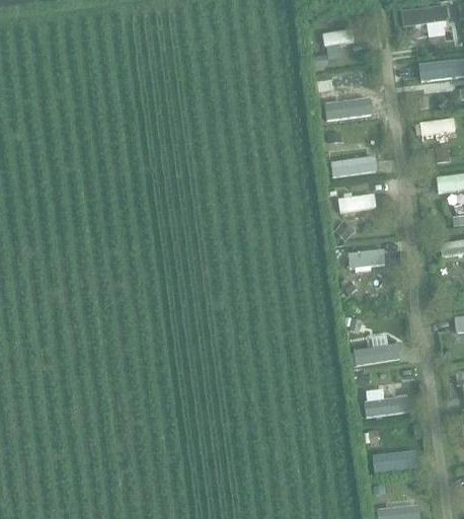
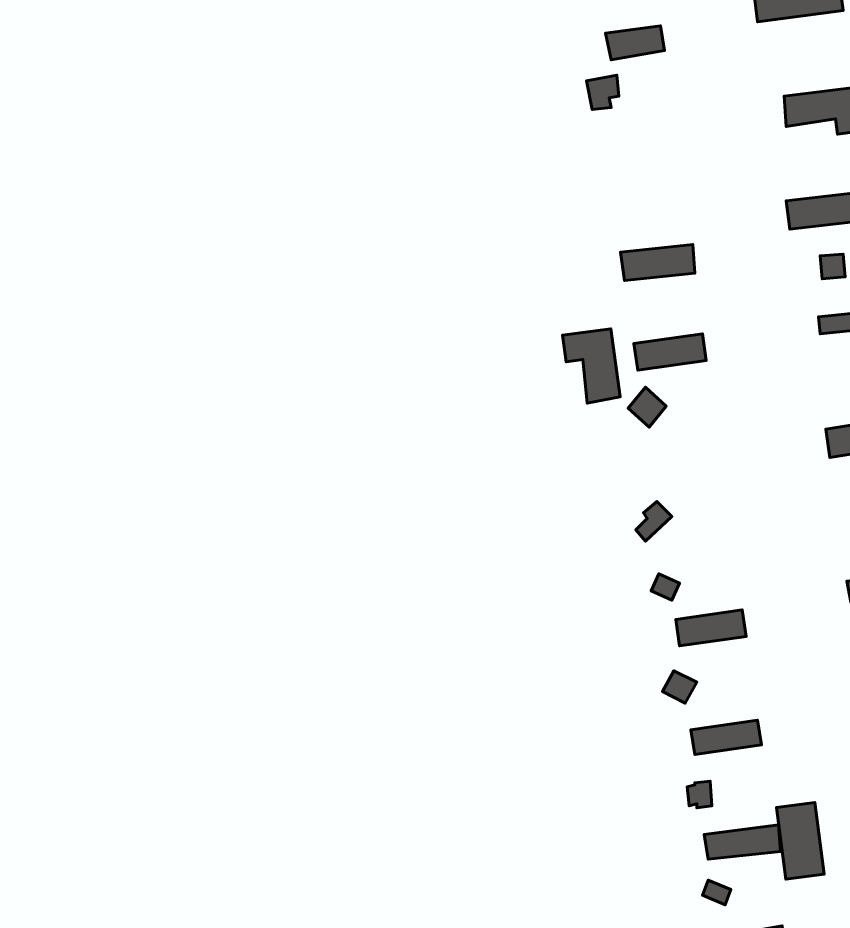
building: [327,99,374,123] -> none
building: none -> [563,329,620,403]
building: [350,247,385,267] -> none
building: none -> [777,802,824,879]

